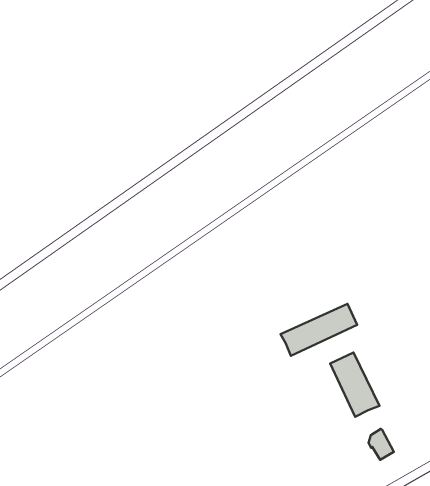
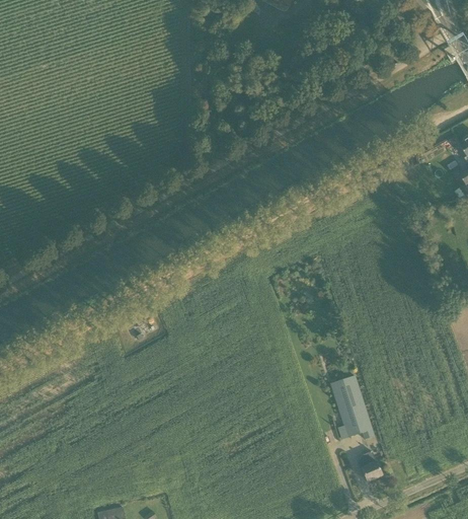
building: [280,304,357,356] -> none

